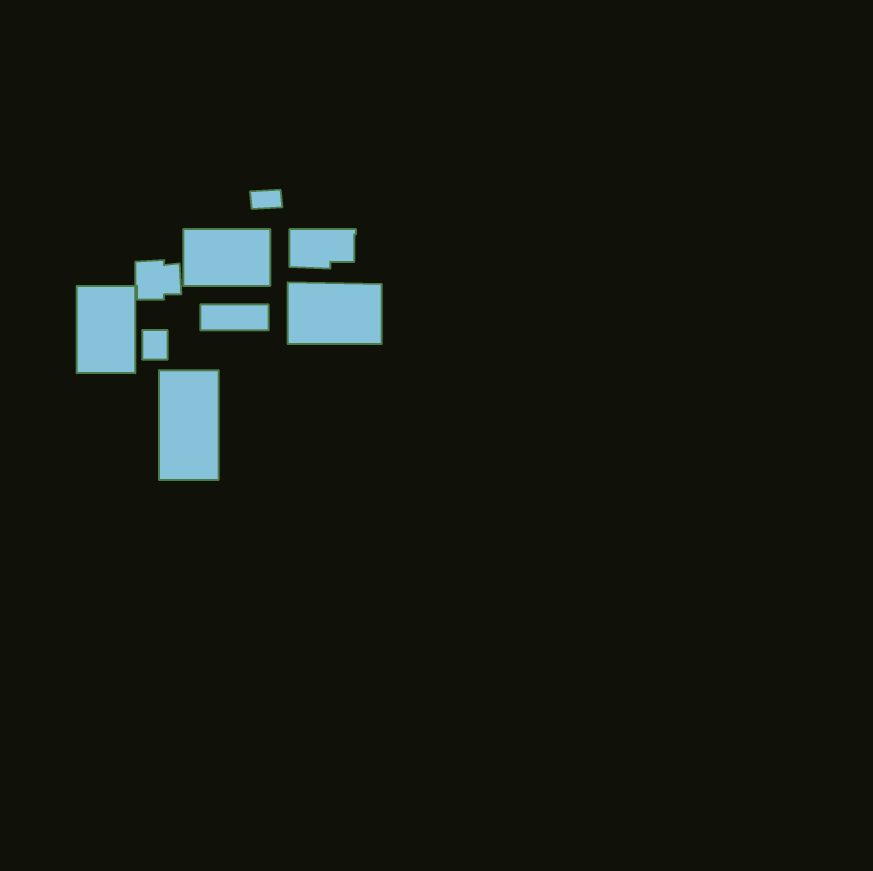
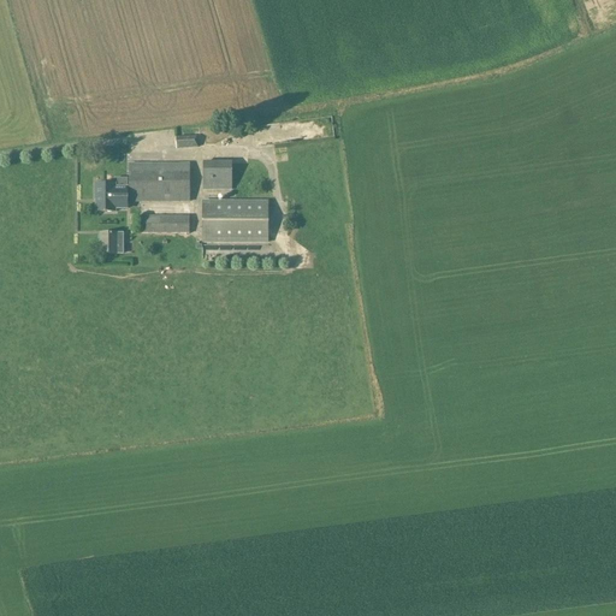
building: [77,286,135,373] -> none
building: [159,370,218,480] -> none

